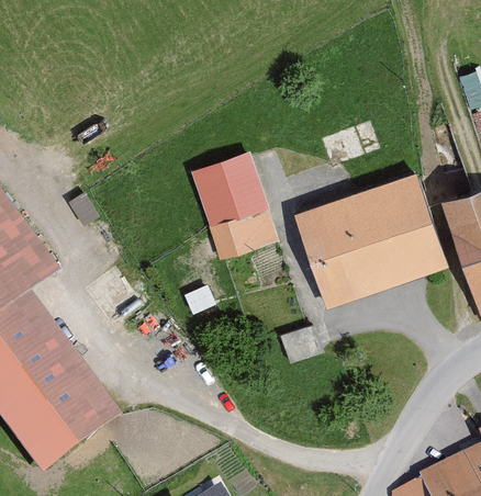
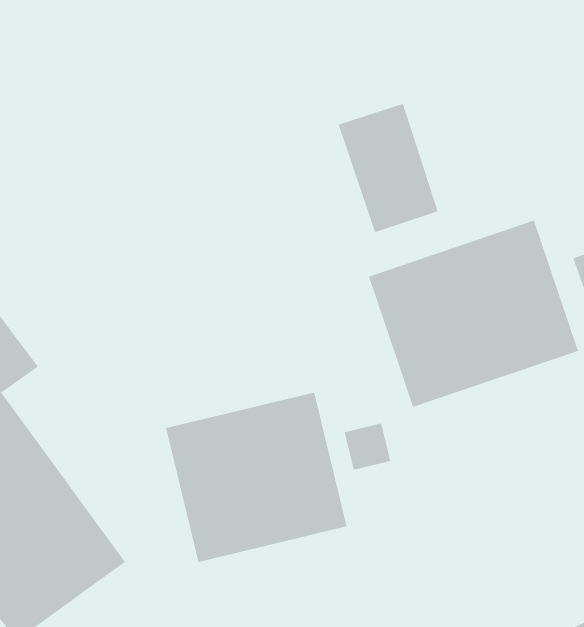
building: [197,159,269,252] -> [338,103,438,233]
building: none -> [165,392,347,563]

